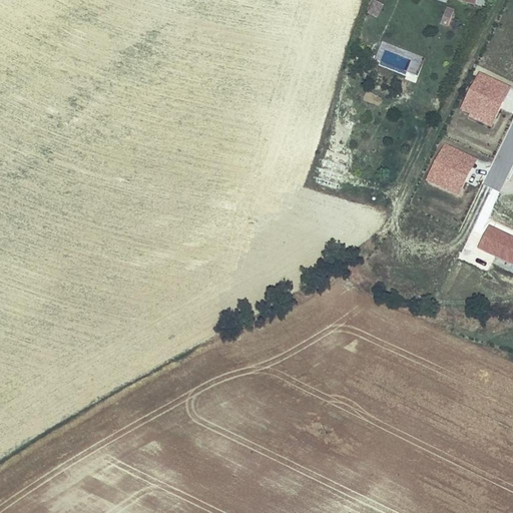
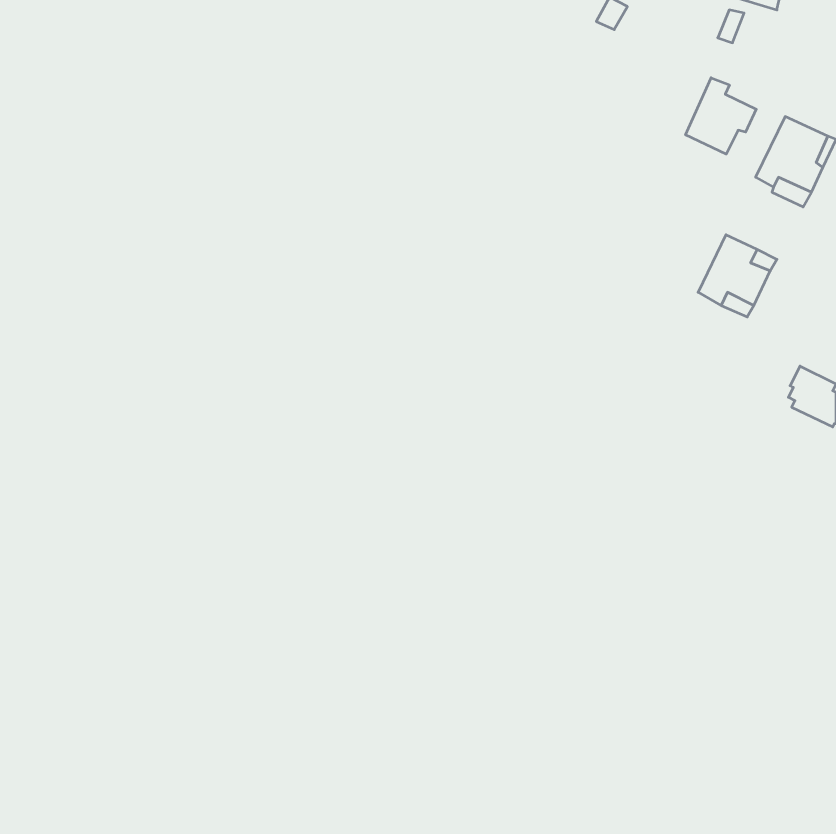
building: none -> [686,78,756,154]

